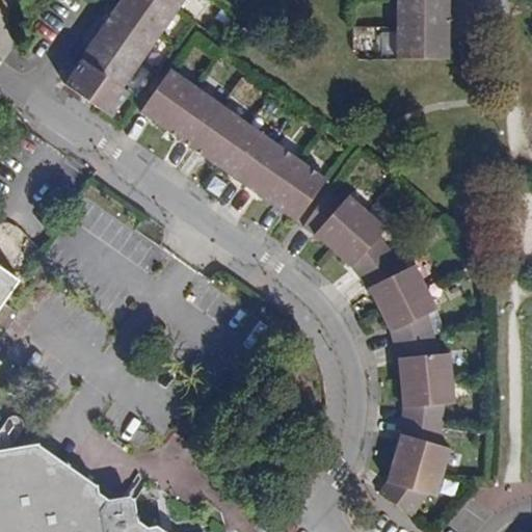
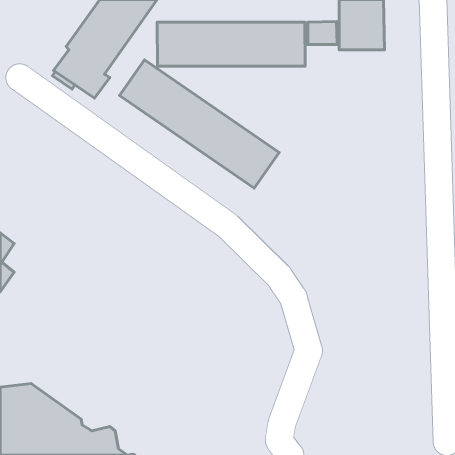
building: none -> [157,22,305,66]
building: [303,182,455,513] -> none

